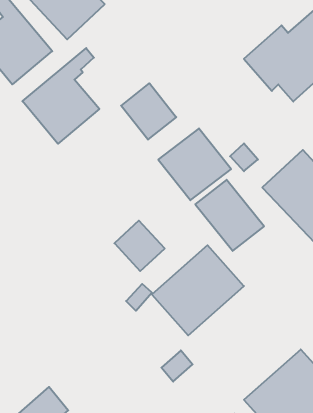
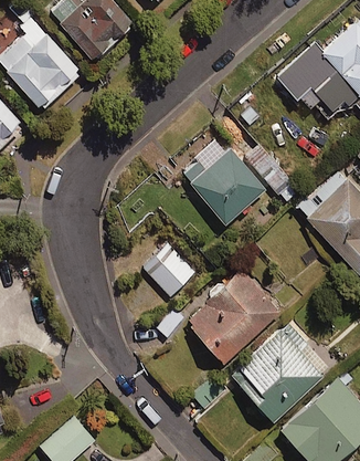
building: [22,48,99,144] -> none
building: [121,83,176,140] -> none
building: [195,180,264,251] -> none
building: none -> [227,324,327,422]

